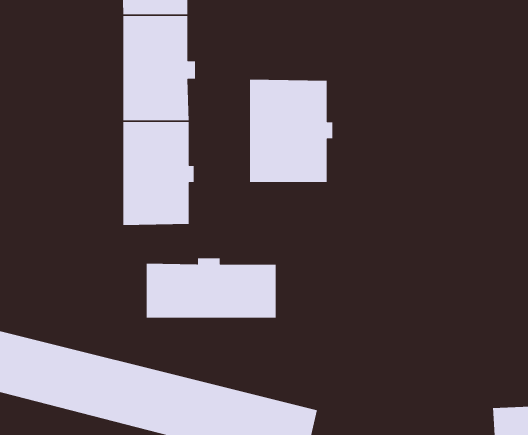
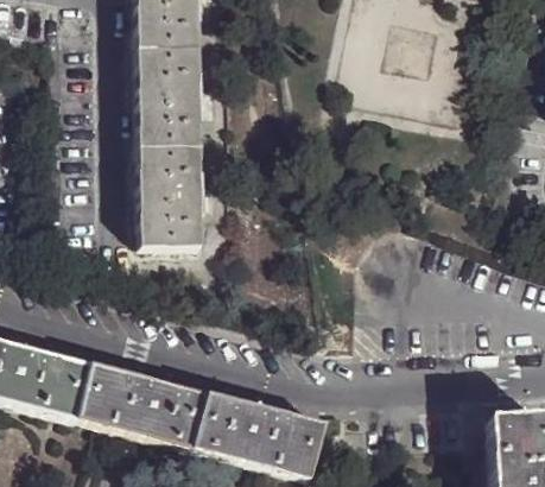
building: [249,79,333,183] -> none
building: [146,257,277,318] -> none

